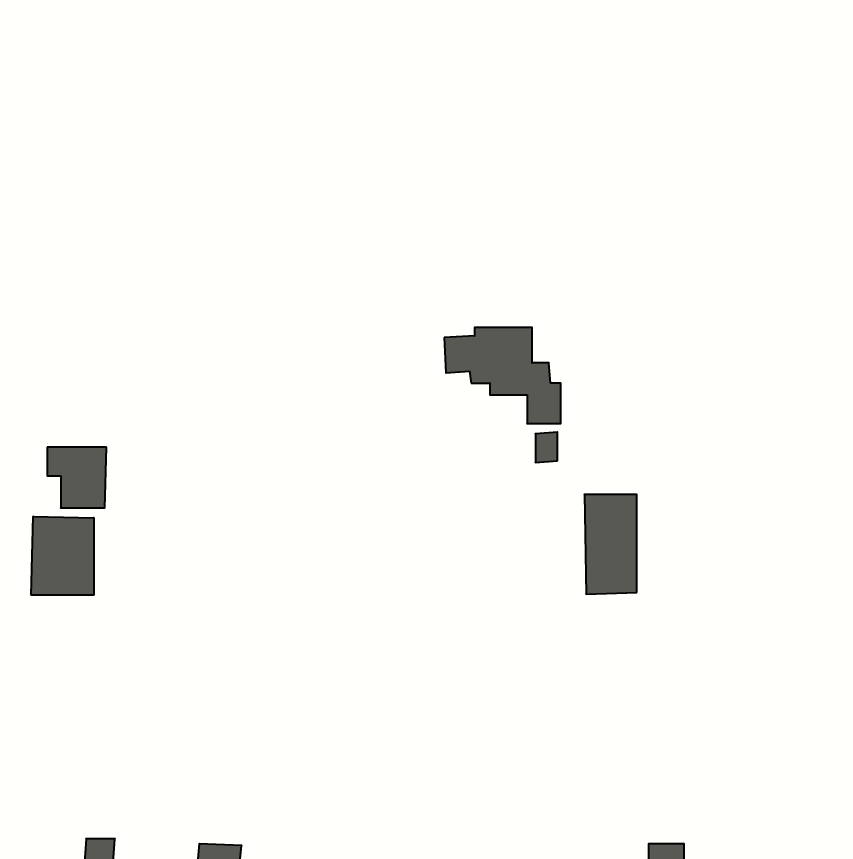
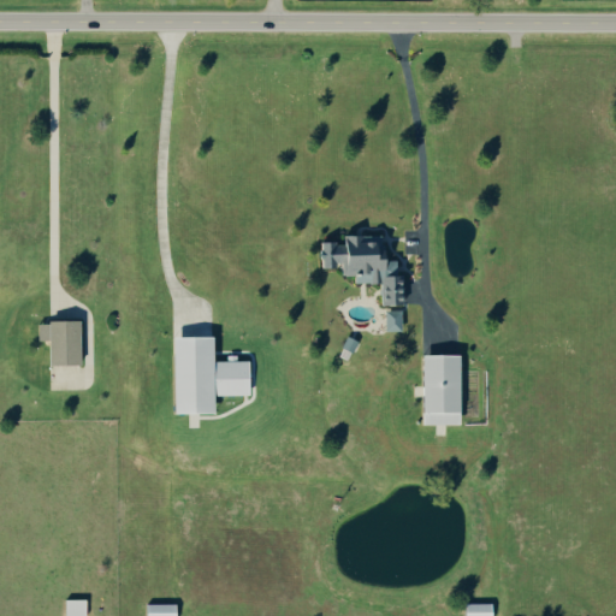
building: none -> [174,336,250,413]
building: [31,516,94,595] -> none

